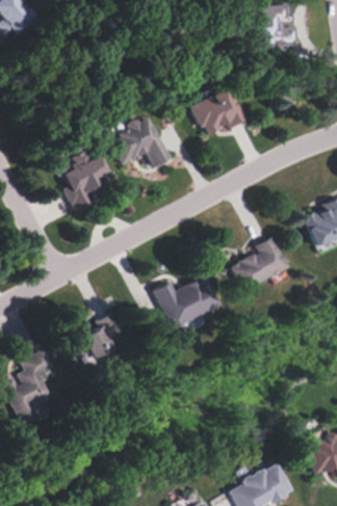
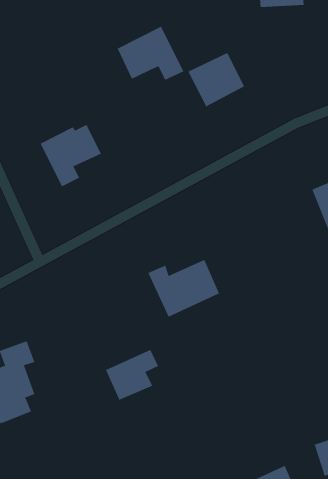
building: [108,116,170,166] -> [117,26,184,81]
building: [230,236,289,290] -> none
building: [72,317,121,364] -> [105,349,159,401]

